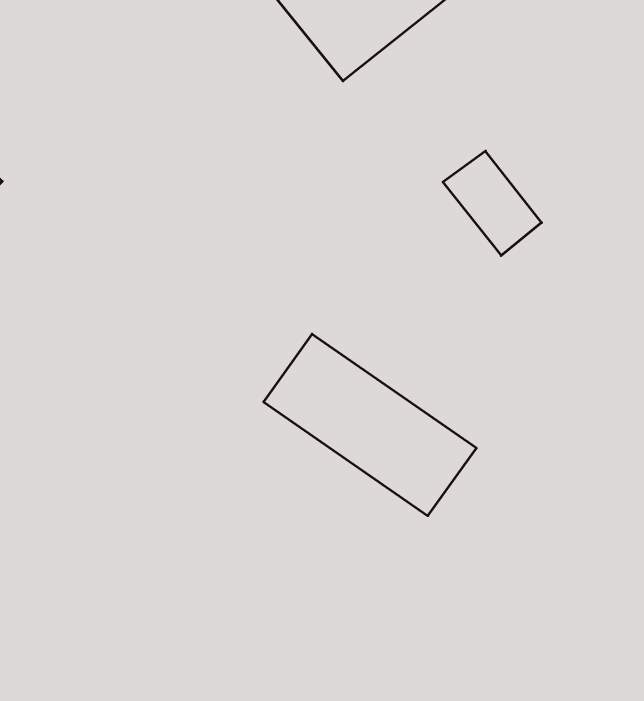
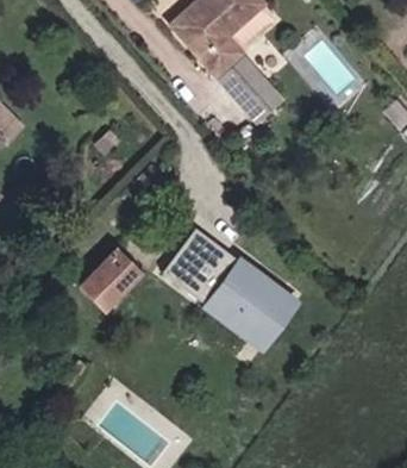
building: [443,151,542,256] -> [215,58,276,123]
building: none -> [73,248,140,316]

